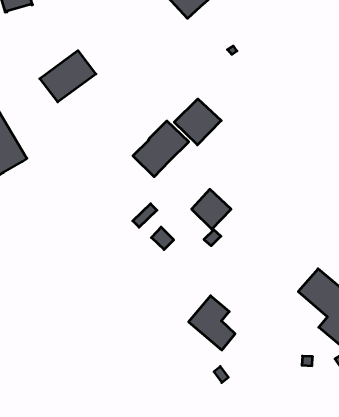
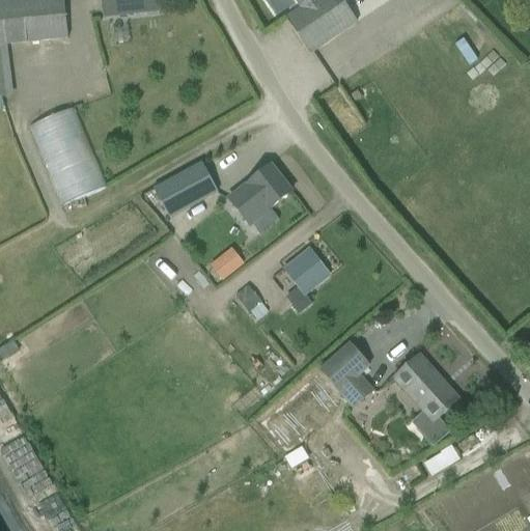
building: [40,51,96,102] -> [154,160,218,215]
building: [174,99,221,145] -> none
building: [189,296,235,350] -> [322,342,372,406]

